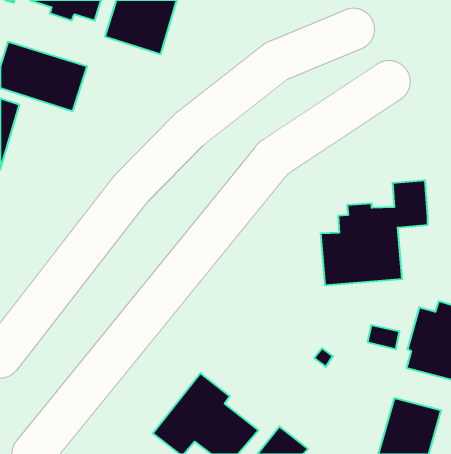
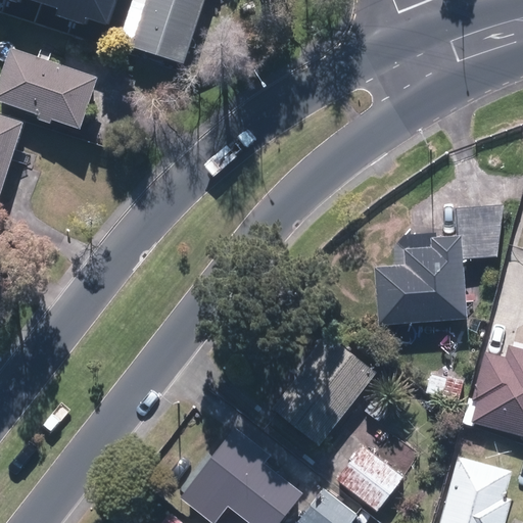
building: none -> [271,338,375,447]
building: none -> [335,446,403,513]

